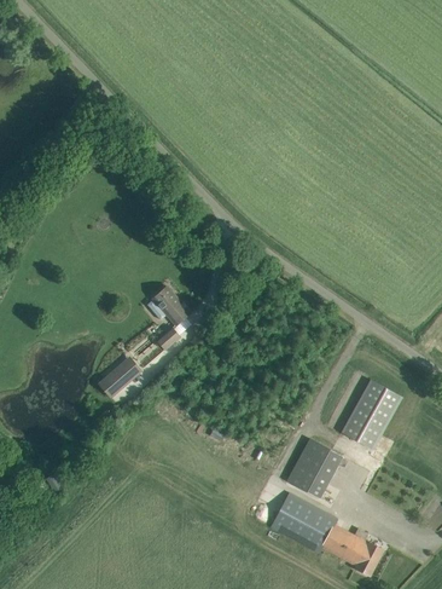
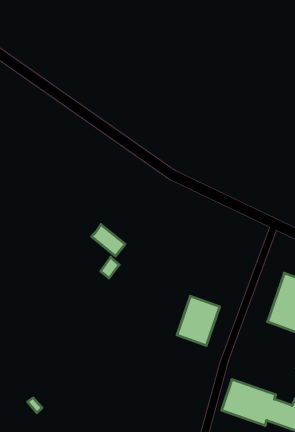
building: [97,356,141,398] -> none
building: [286,438,342,498] -> [177,296,220,345]

